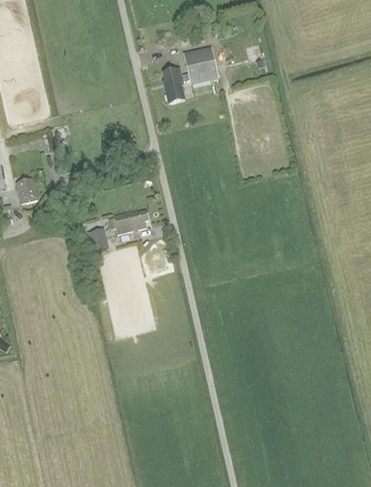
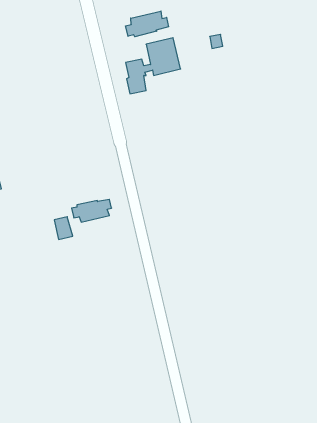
building: none -> [126,11,169,37]

